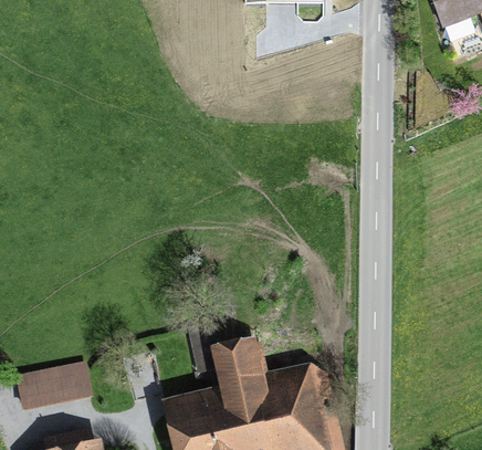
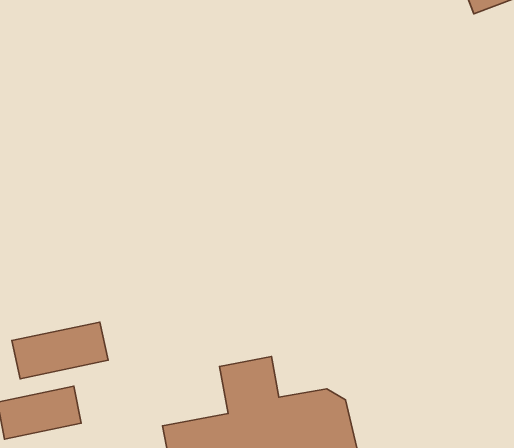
building: none -> [12,322,108,379]

